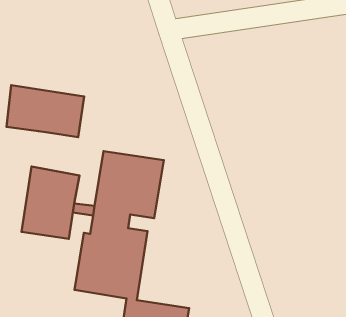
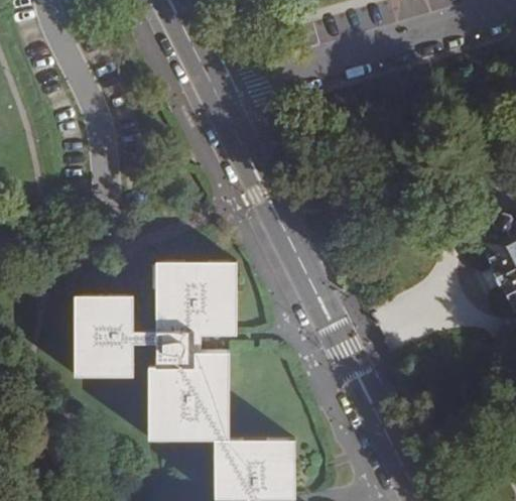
building: [7,85,84,137] -> none

